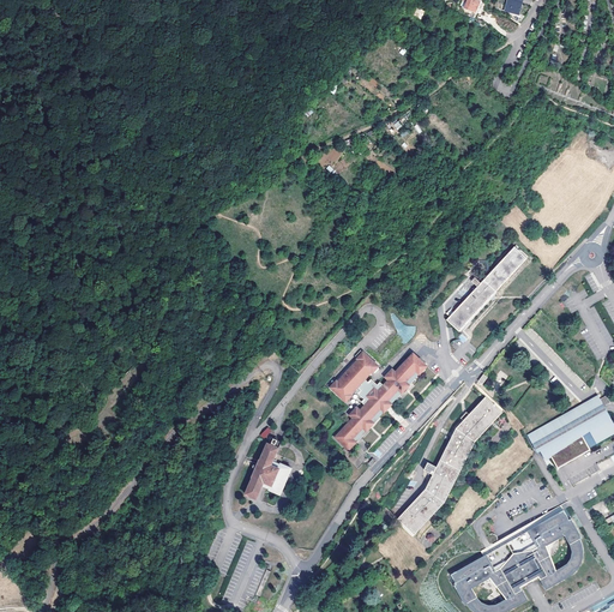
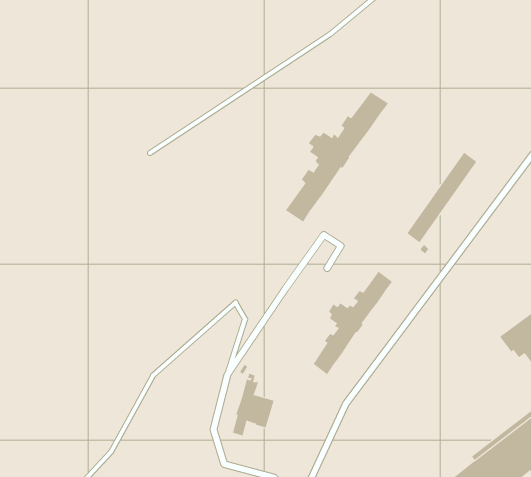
building: none -> [285,91,389,222]
building: [331,350,379,401] -> none
building: [398,395,504,535] -> none

